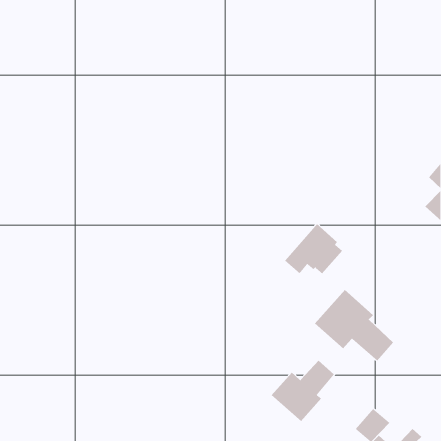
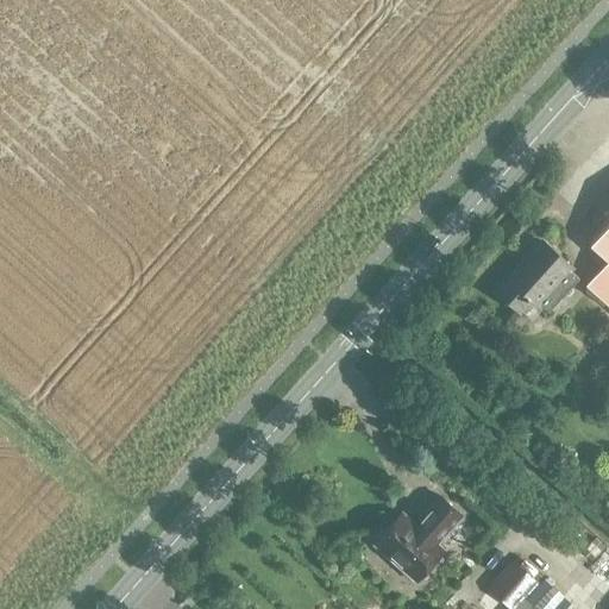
building: [284,223,343,274] -> [496,240,577,310]
building: [314,289,394,361] -> none

